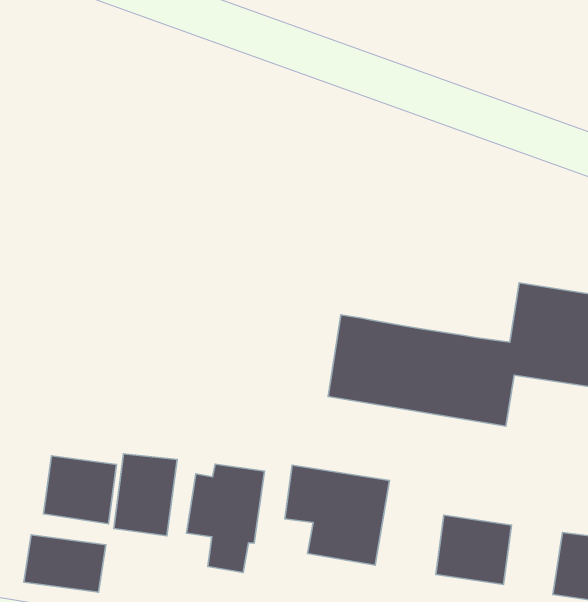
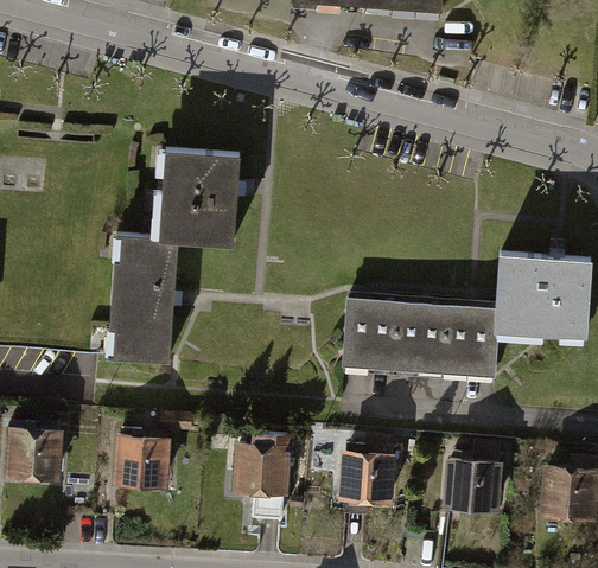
building: none -> [109,147,238,358]
building: [114,454,177,536] -> none
building: [24,535,106,592] -> none

